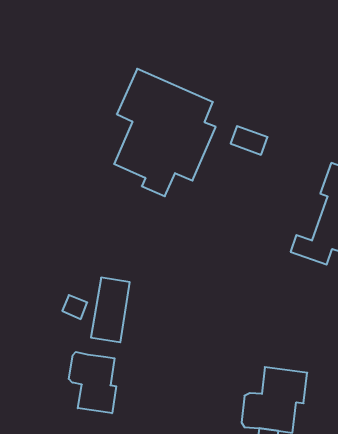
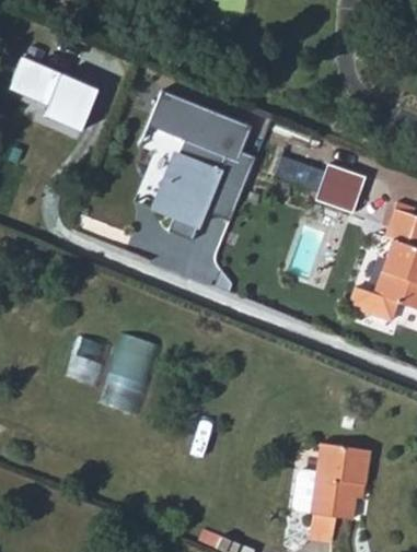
building: none -> [11,58,97,130]
building: none -> [315,165,363,213]
building: [69,352,116,413] -> none

